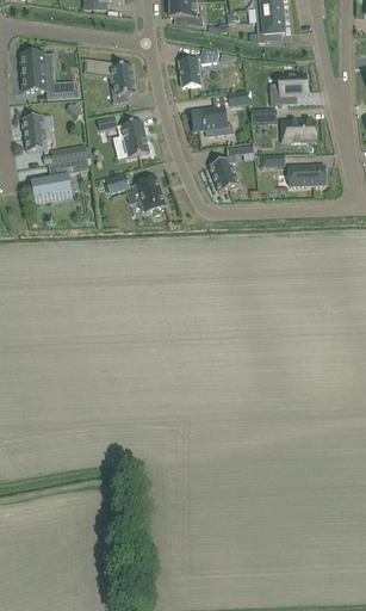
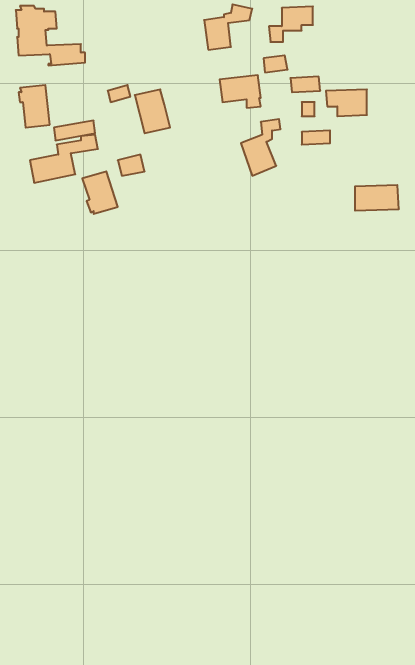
building: [97,60,136,95] -> none
building: [268,74,305,104] -> [269,6,313,42]
building: [289,165,325,186] -> [355,185,399,211]
building: [135,175,165,211] -> [82,171,118,214]

